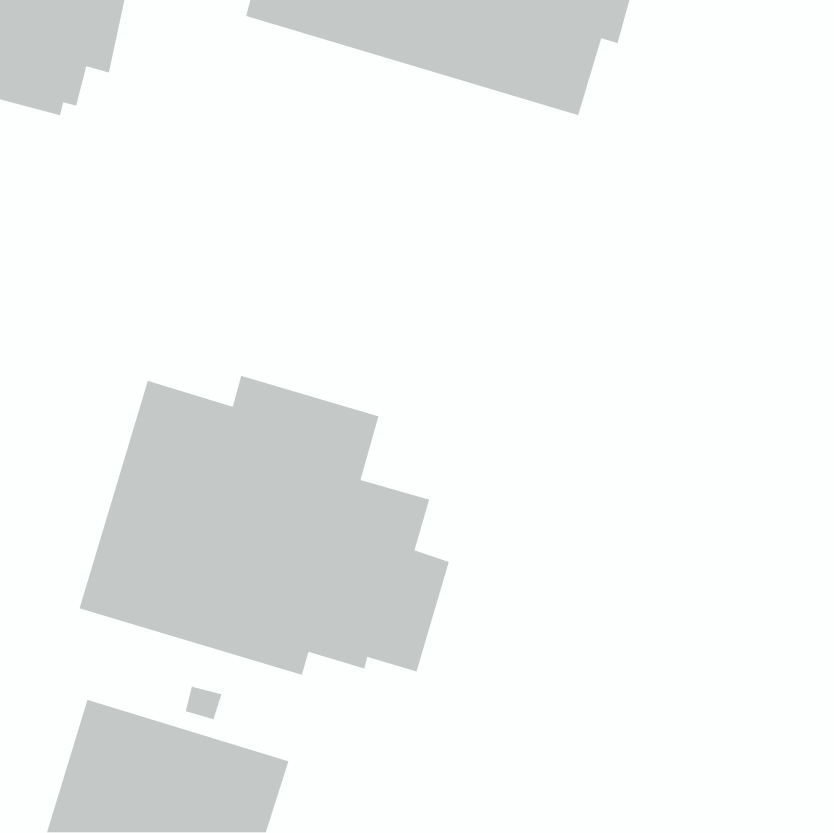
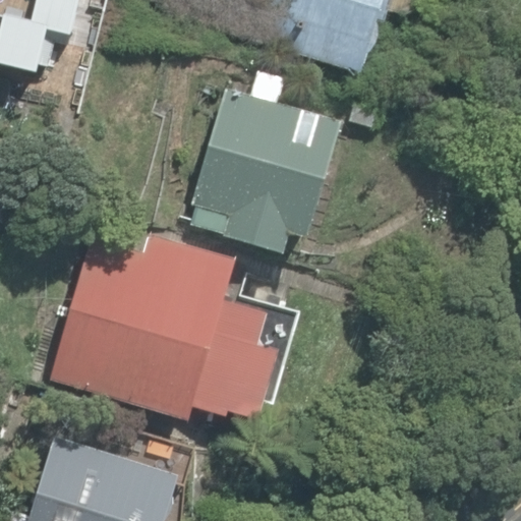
building: none -> [190,70,343,253]

